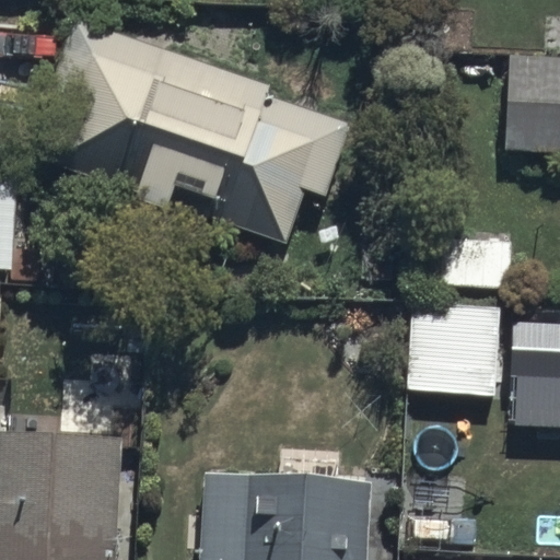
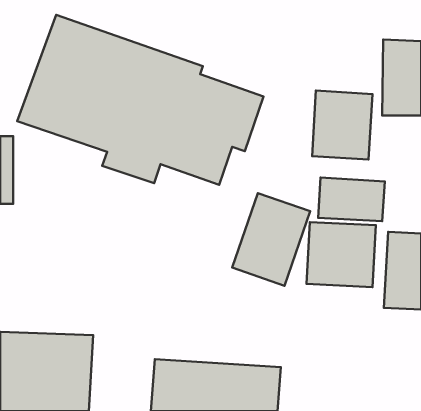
building: none -> [312,91,372,160]
building: none -> [232,193,310,286]

